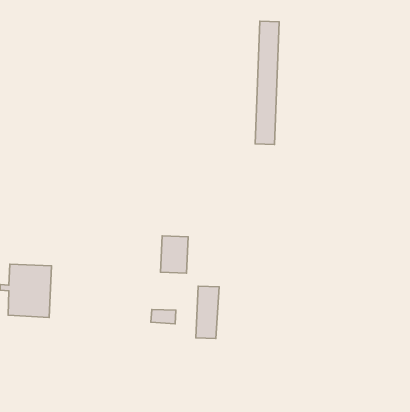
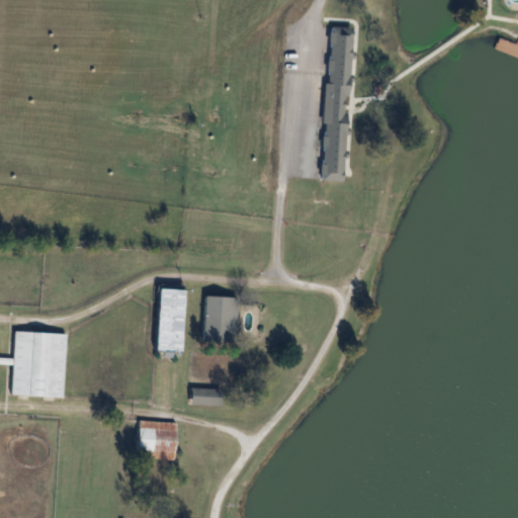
building: [196,286,219,339] -> [157,286,186,352]
building: none -> [140,420,177,457]

